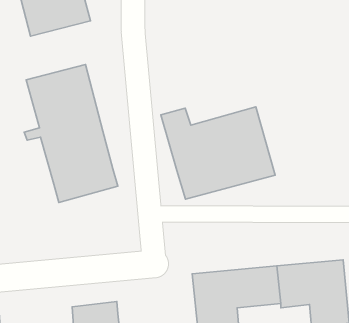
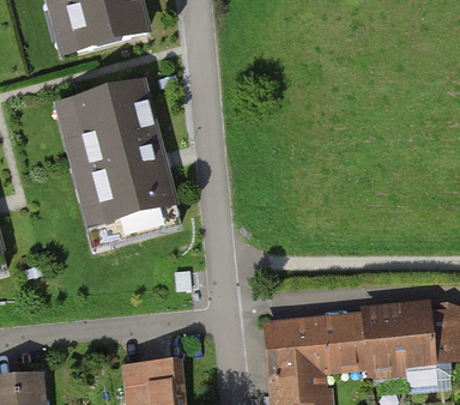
building: [161,107,275,199] -> none

